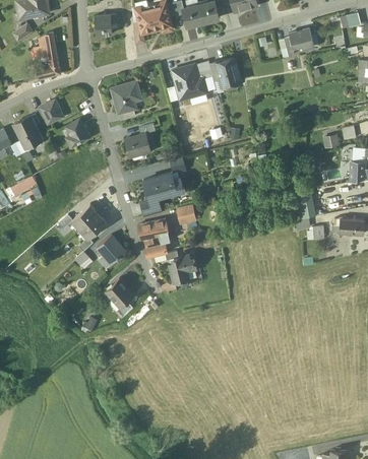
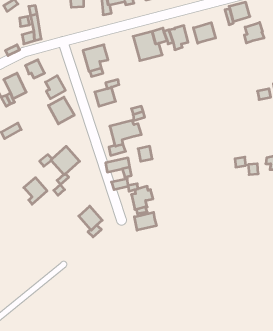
building: none -> [244,22,264,43]
building: none -> [193,23,216,43]
building: none -> [48,97,74,124]
building: [97,236,125,268] -> [24,178,47,204]
building: none -> [134,212,156,230]

